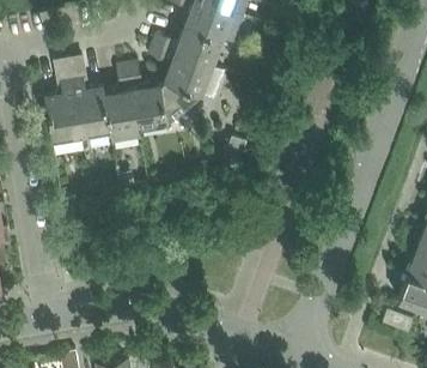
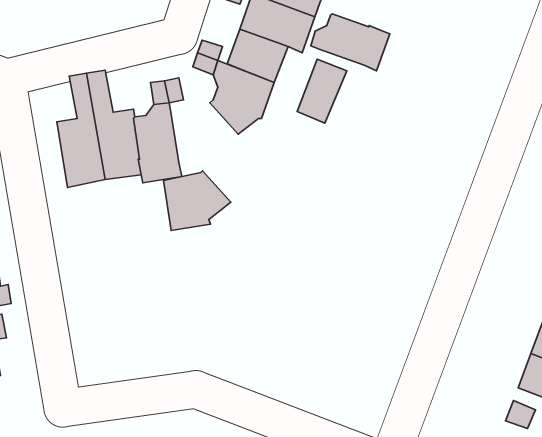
building: none -> [311,14,390,71]
building: none -> [297,59,347,123]
building: [132,83,183,128] -> [163,171,231,230]

